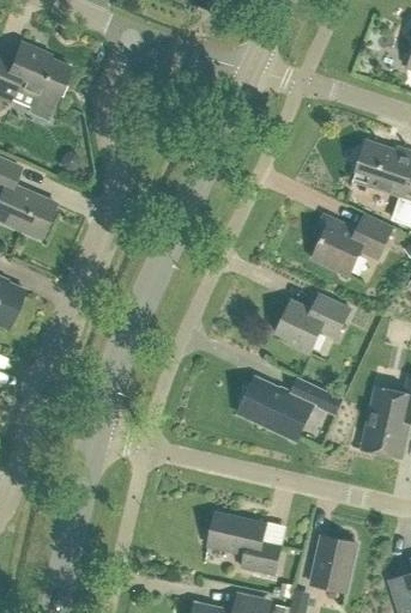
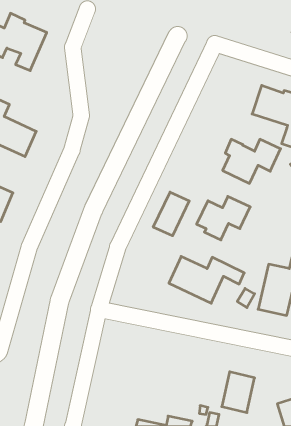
building: none -> [153,192,189,236]
building: [208,511,282,573] -> none

